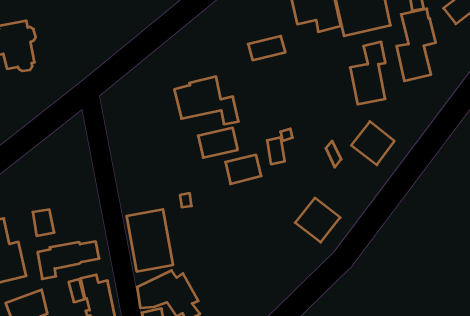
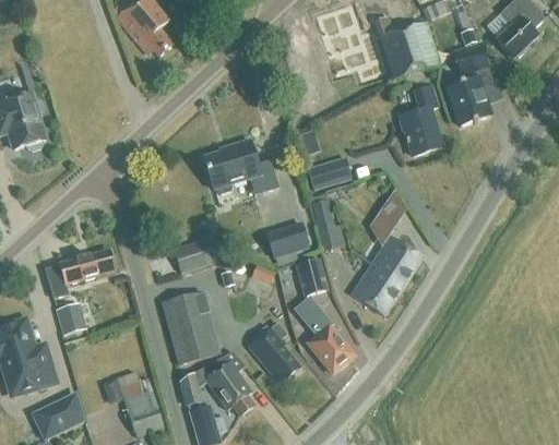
building: [248,36,285,60] -> [307,156,349,185]
building: [351,121,394,165] -> [372,237,420,285]
building: [198,128,238,158] -> [174,238,219,274]
building: none -> [295,258,329,297]
building: none -> [299,305,353,373]
building: none -> [250,322,300,377]
building: [38,242,99,279] -> [46,251,116,298]

